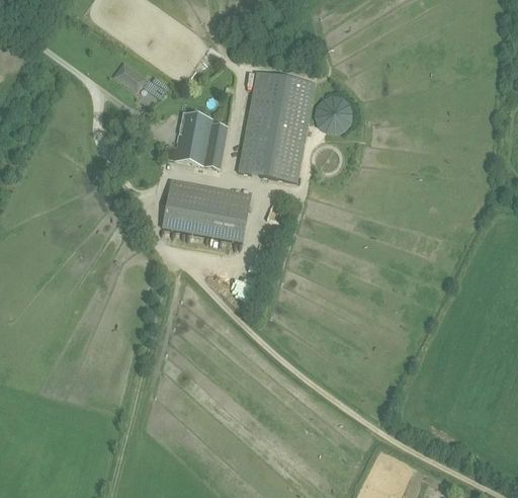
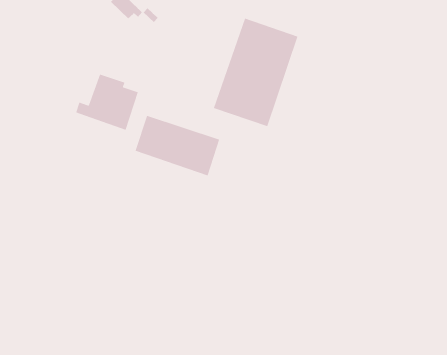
building: [319,90,353,129] -> none
building: [164,111,227,167] -> [75,73,139,131]

